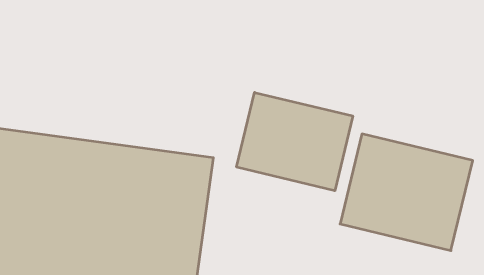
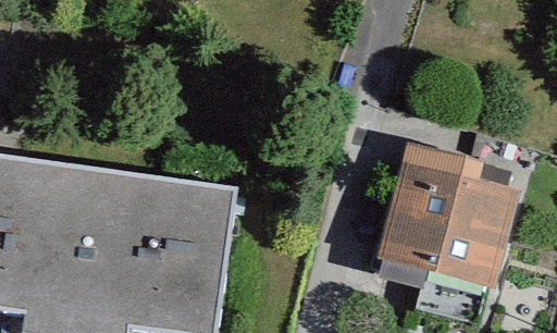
building: [237,92,353,191] -> none

